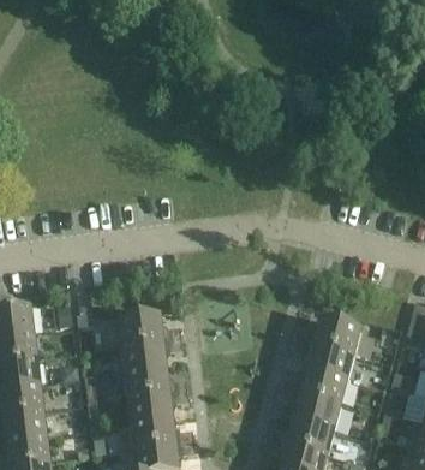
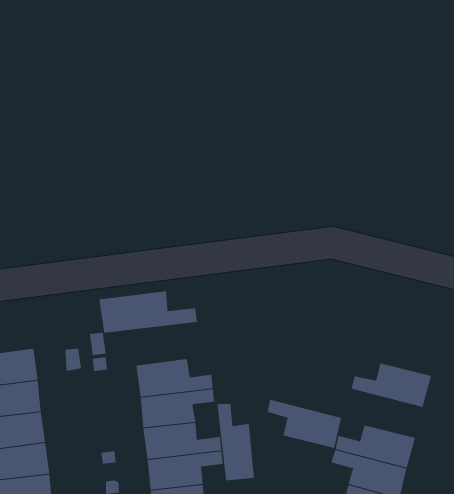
building: none -> [99,290,197,333]
building: [292,339,354,380] -> [267,399,342,448]
building: none -> [217,403,254,481]

